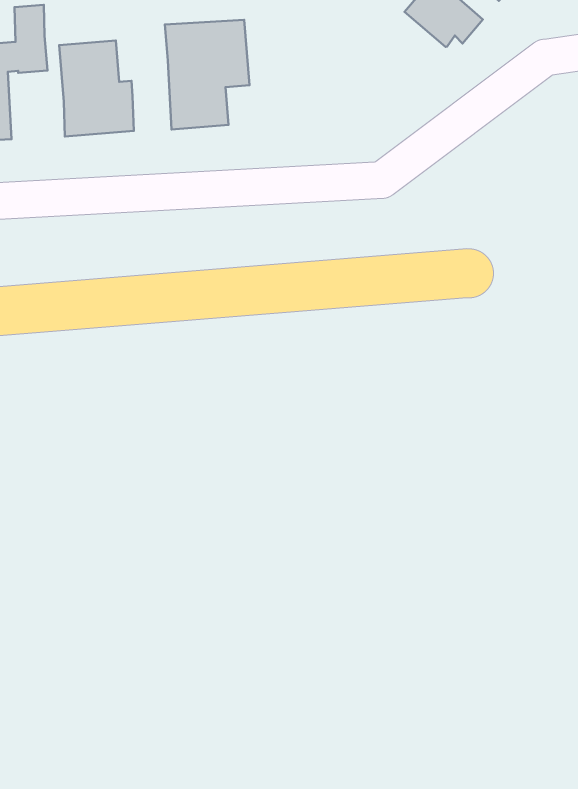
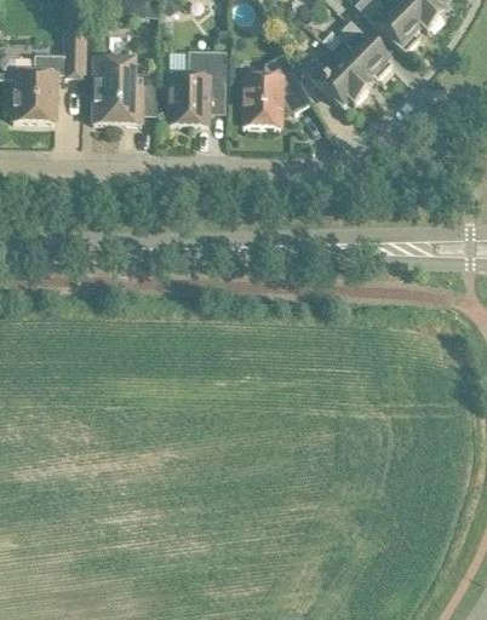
building: none -> [305,54,371,105]
building: none -> [244,52,313,126]

